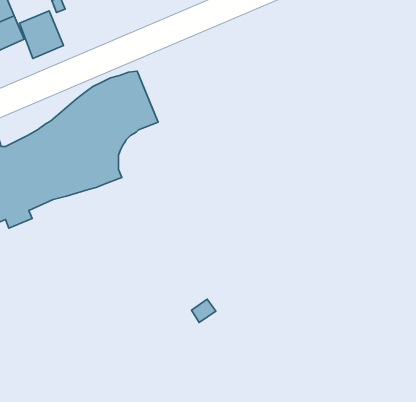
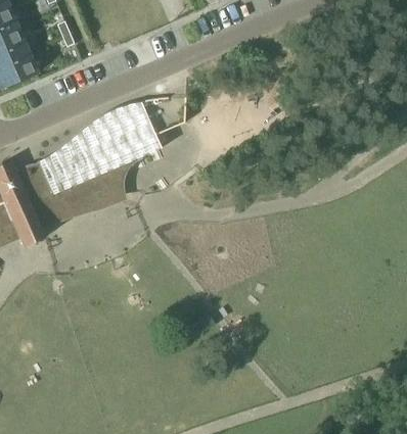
building: [20,11,64,58] -> none

